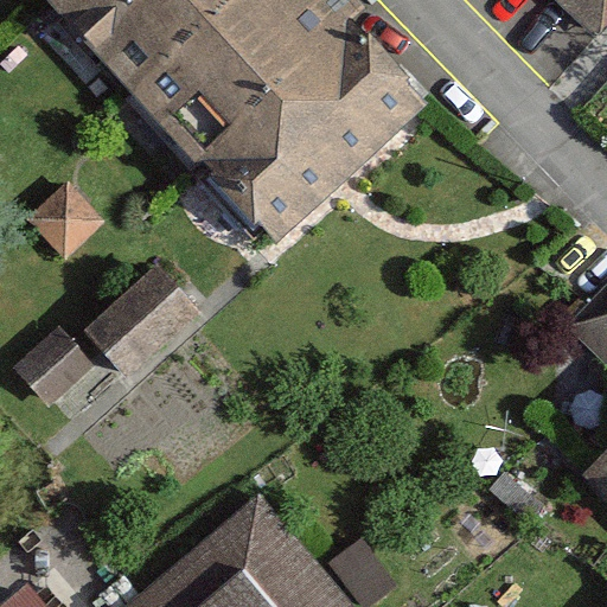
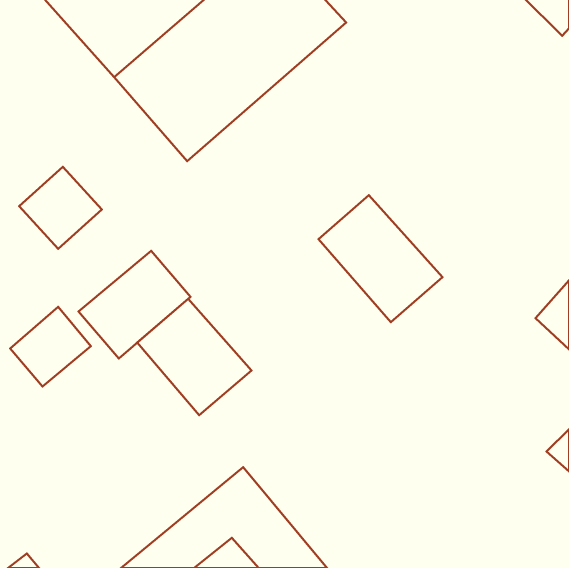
building: [198,24,443,258] -> none
building: none -> [318,195,443,322]
building: none -> [137,299,252,415]

